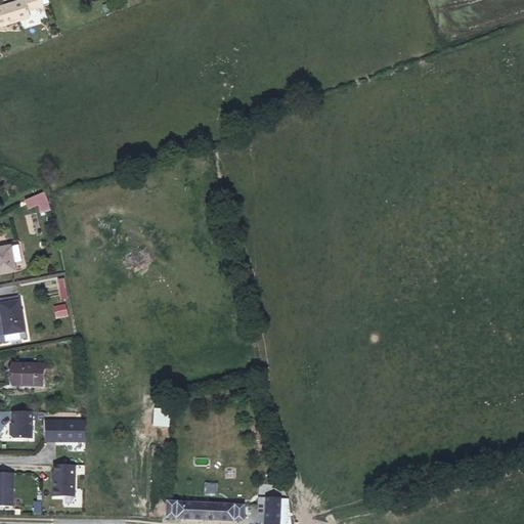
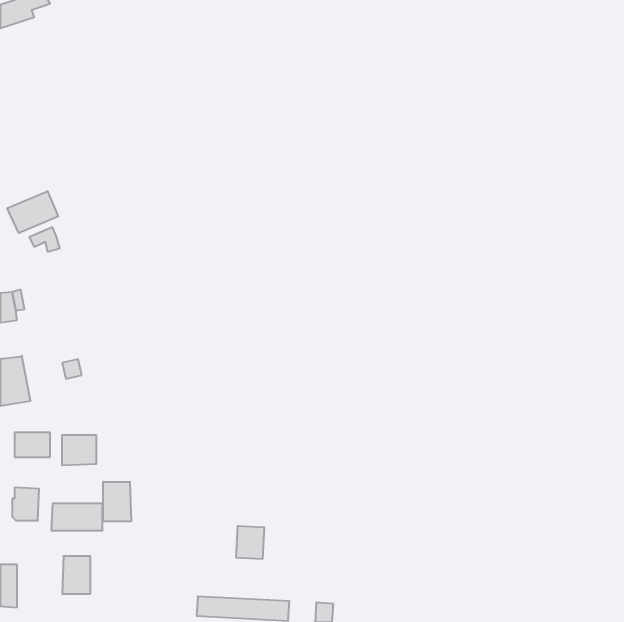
building: none -> [7,191,58,233]
building: none -> [62,435,96,465]
building: none -> [103,482,131,521]
building: none -> [236,526,264,559]

